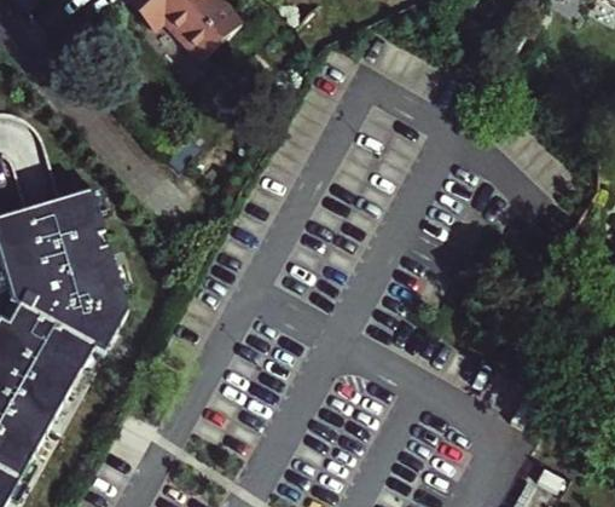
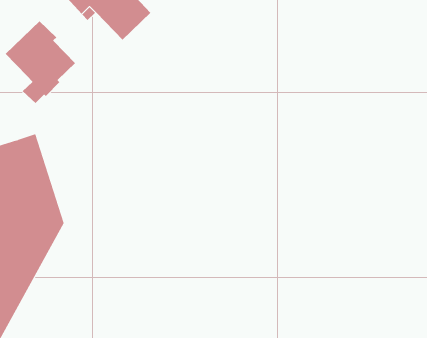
building: none -> [5,20,76,104]

